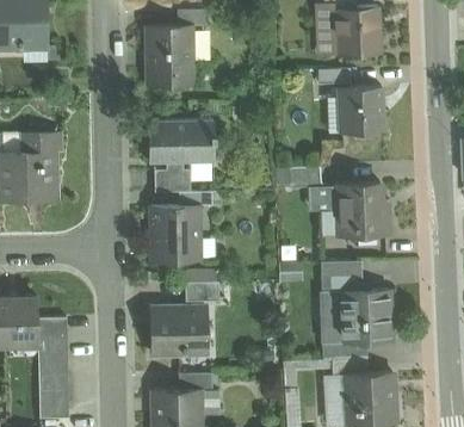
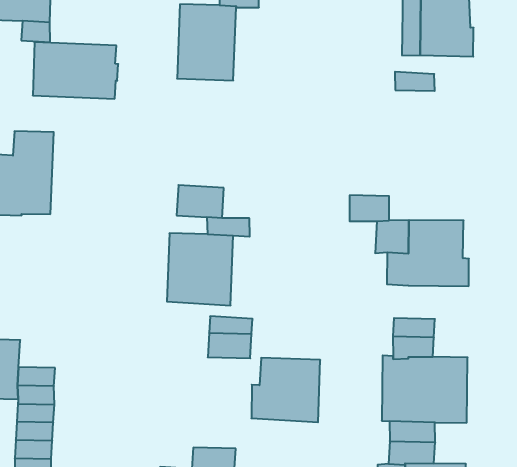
building: [339,87,383,135] -> none
building: [148,120,215,163] -> [33,42,118,99]
building: [151,307,205,355] -> [251,358,320,422]

